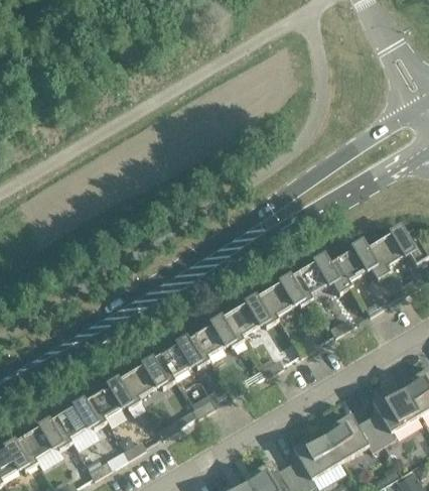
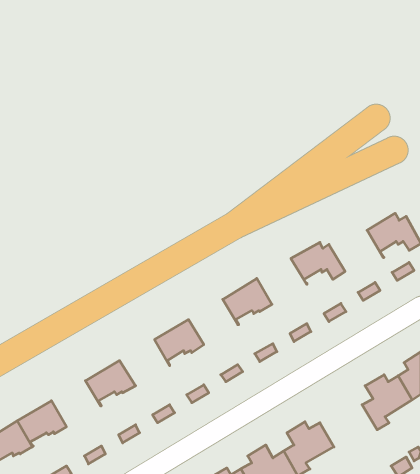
building: [334,241,389,285] -> none
building: [262,272,312,319] -> none
building: [193,314,243,359] -> none
building: [124,354,174,400] -> none
building: [55,395,105,442] -> none
building: [325,413,383,462] -> none

